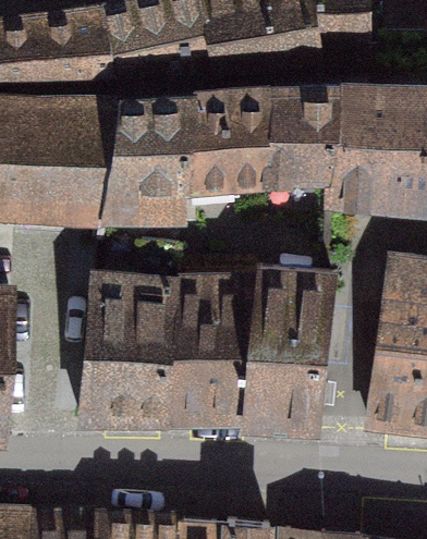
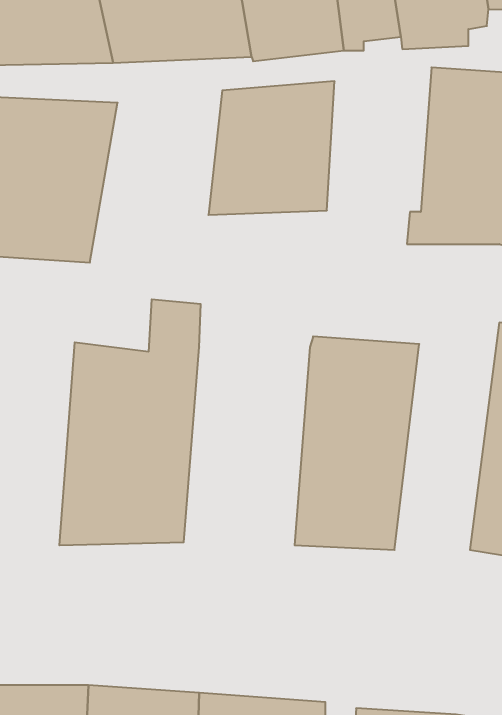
building: [270,76,344,179] -> none
building: [100,93,196,230] -> none
building: [169,274,258,415] -> none

